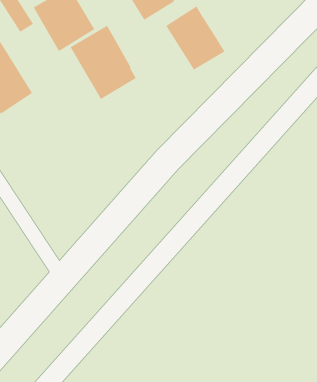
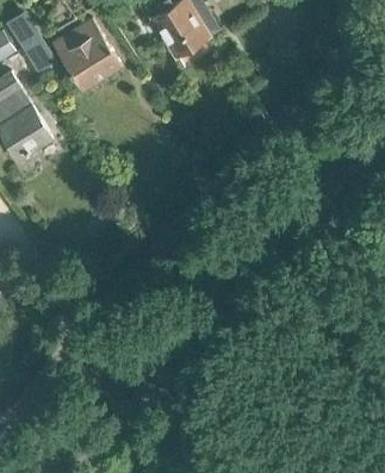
building: [166,6,225,70] -> none
building: [70,25,137,100] -> none

